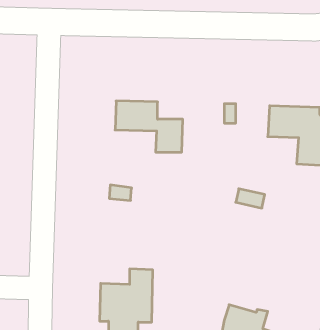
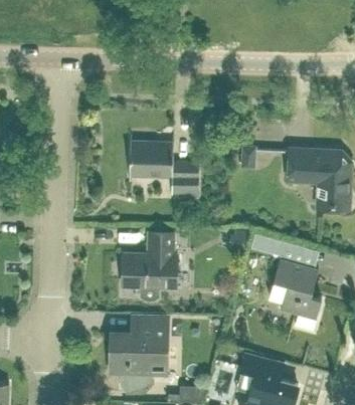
building: none -> [123,232,178,301]
building: none -> [270,258,322,332]

